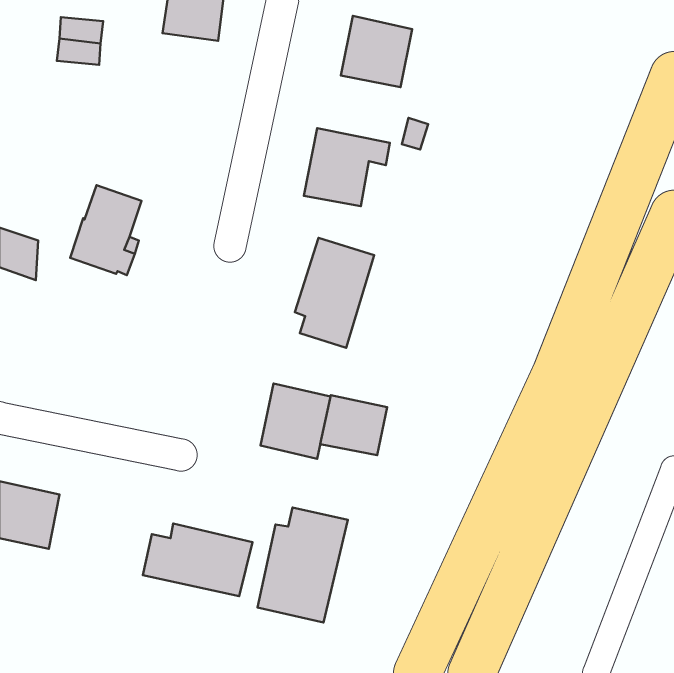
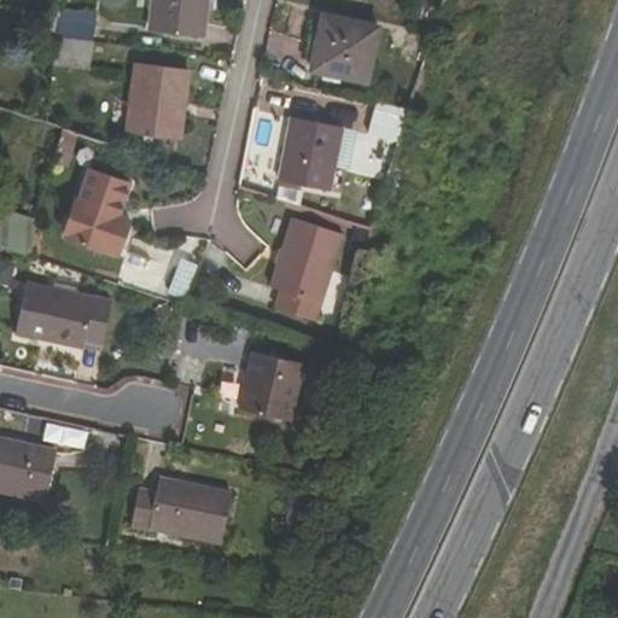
building: none -> [127,63,187,136]
building: none -> [16,280,111,348]
building: [320,395,387,455] -> none
building: [258,507,348,623] -> none

